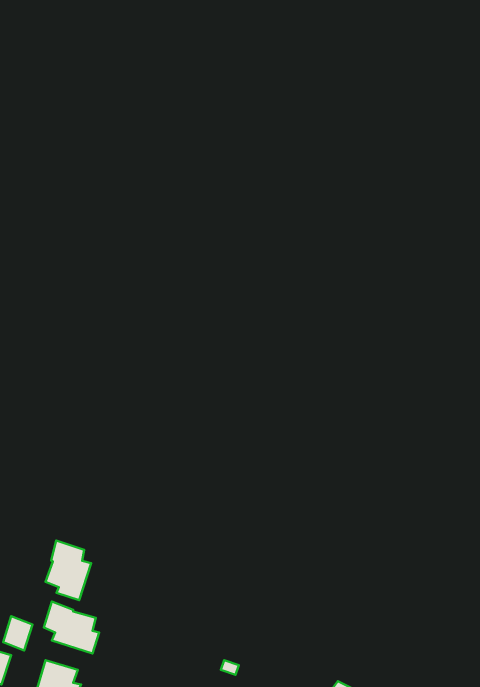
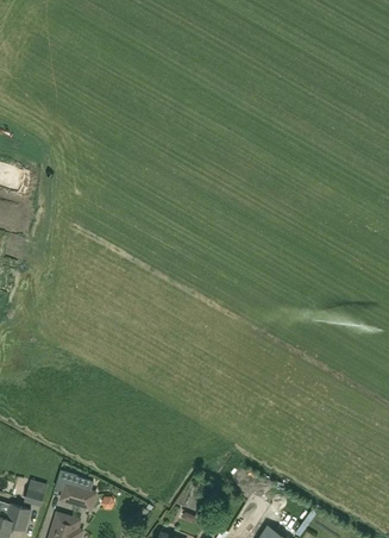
building: [45,541,91,600] -> none

